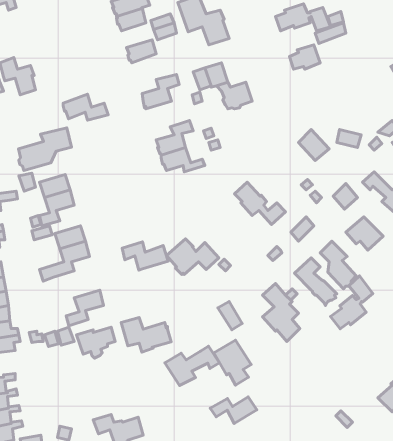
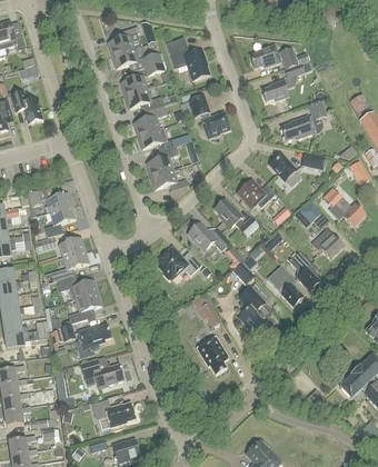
building: none -> [280,100,326,139]
building: [63,94,108,120] -> [125,87,163,109]
building: none -> [137,128,175,150]
building: [18,128,72,170] -> none
building: none -> [237,179,275,208]
building: none -> [187,221,229,250]
building: [122,242,168,270] -> [57,275,97,299]
building: [330,276,373,329] -> none
building: [121,318,171,352] -> [80,358,123,388]
building: [165,346,220,386] -> none
building: [210,397,257,423] -> none

